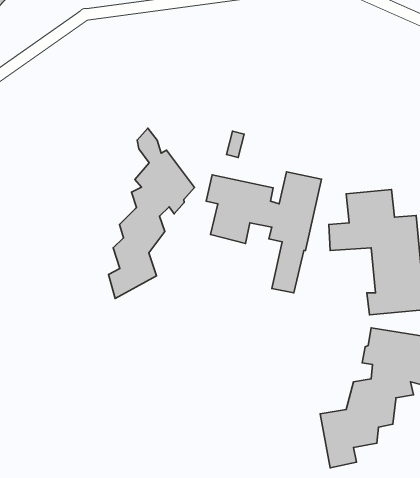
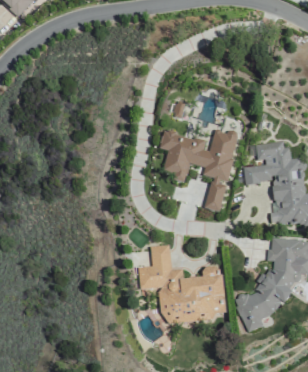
building: [108,128,195,298] -> none
building: none -> [138,245,224,325]

